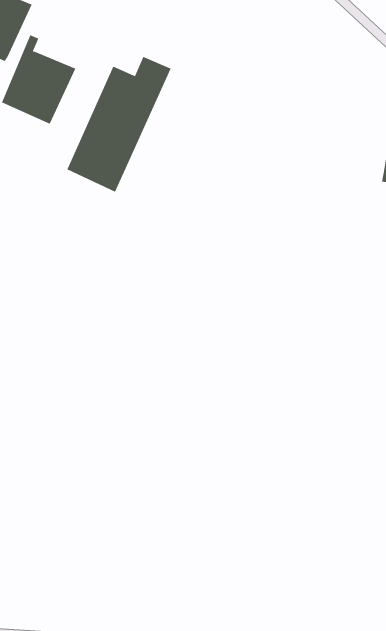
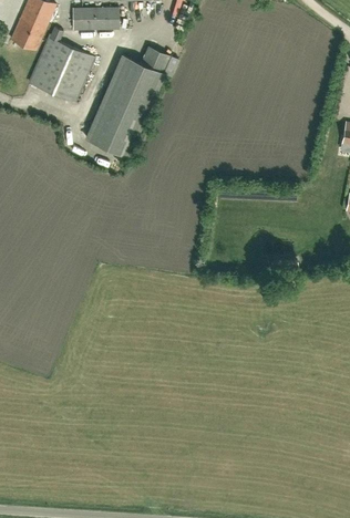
building: none -> [72,8,119,30]

